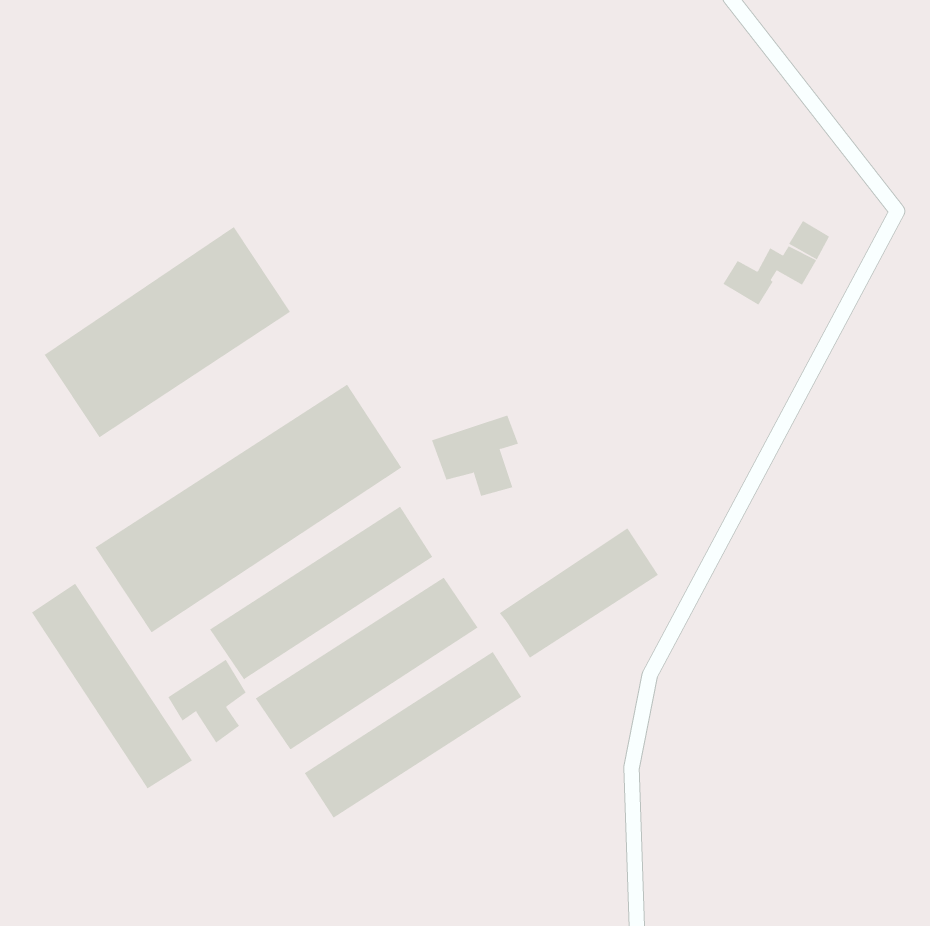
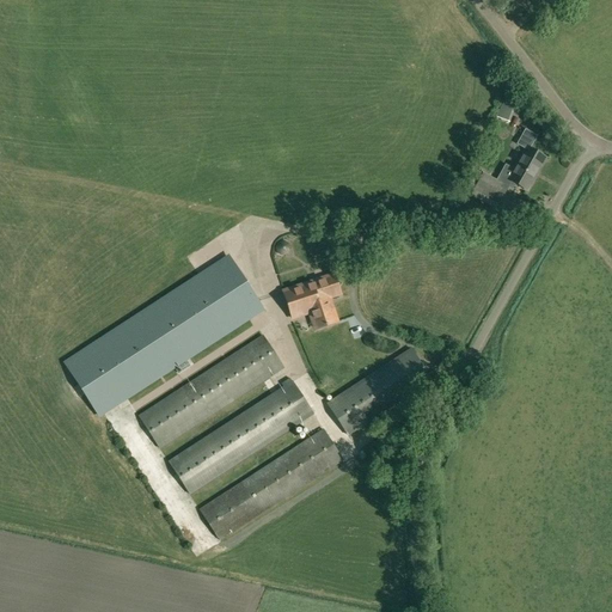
building: [44,226,291,438] -> none
building: [31,583,193,790] -> none
building: [168,659,246,743] -> none

